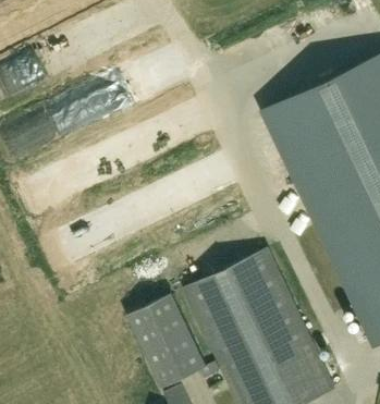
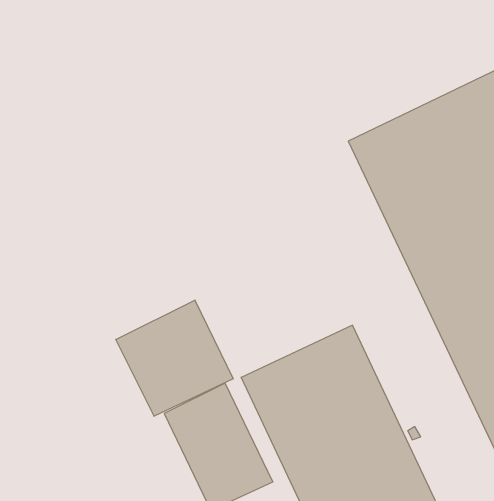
building: none -> [116,300,233,416]

